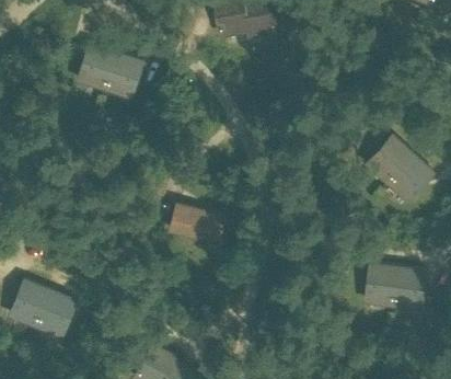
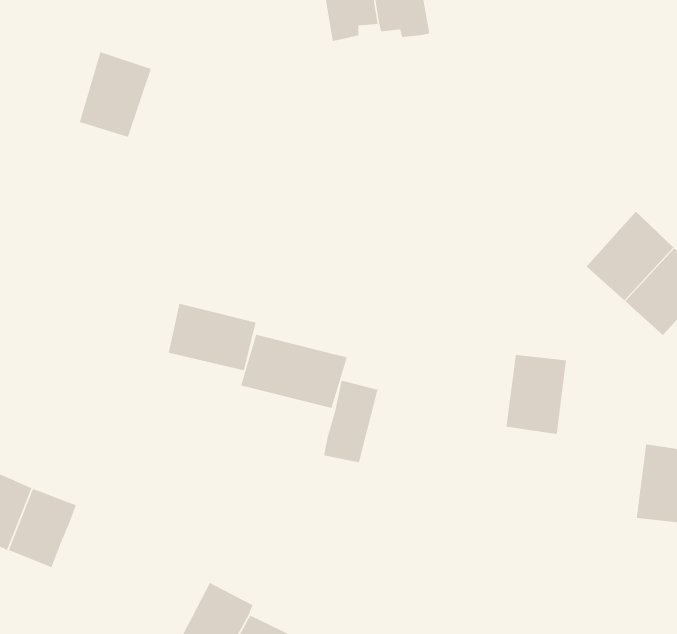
building: [105,53,147,101] -> none
building: none -> [168,303,257,371]
building: none -> [323,380,378,463]
building: [365,263,400,309] -> [505,354,567,435]

